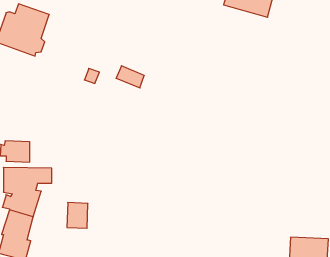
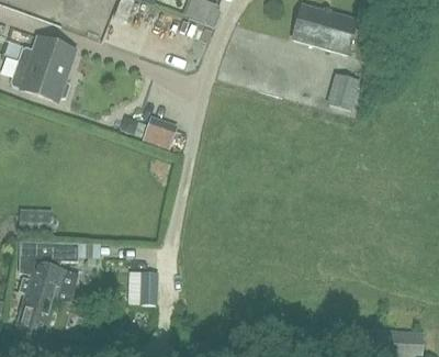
building: none -> [330,72,359,109]
building: [67,203,88,228] -> [132,269,158,301]

